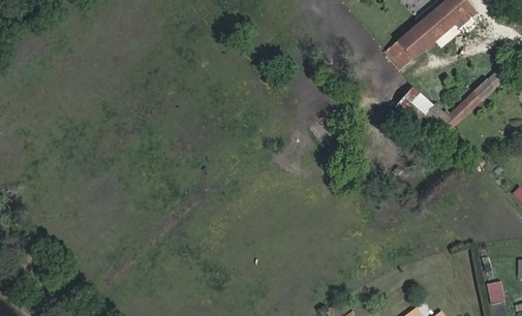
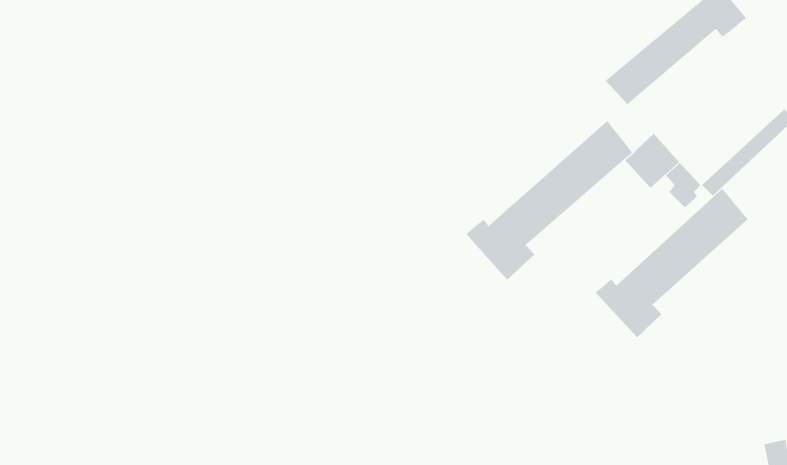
building: none -> [465,120,633,281]
building: none -> [595,188,748,338]

